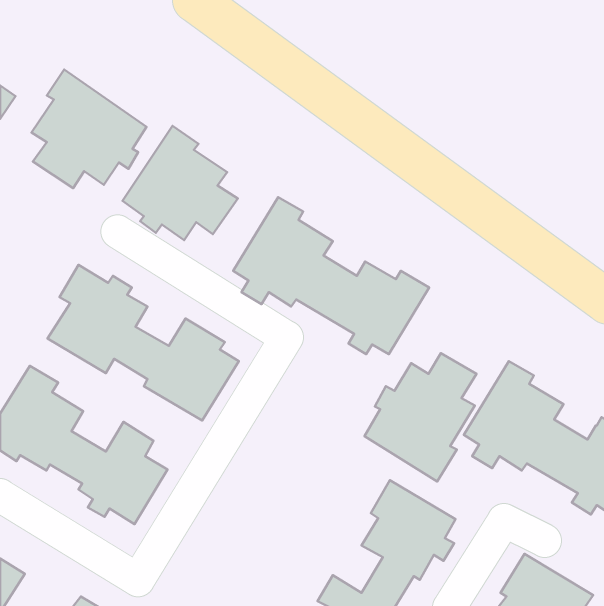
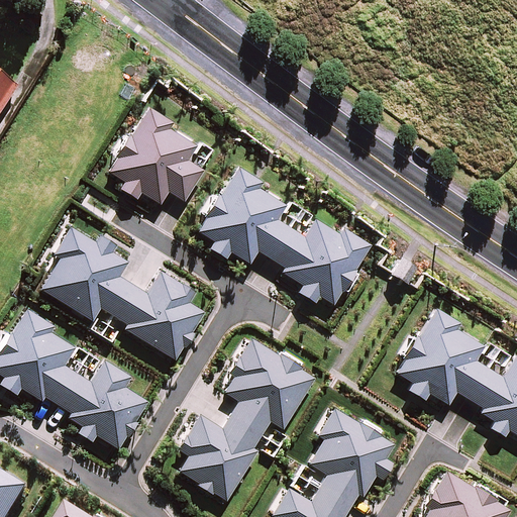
building: [32,70,147,188] -> none
building: [364,353,477,481] -> none
building: none -> [179,341,311,497]

